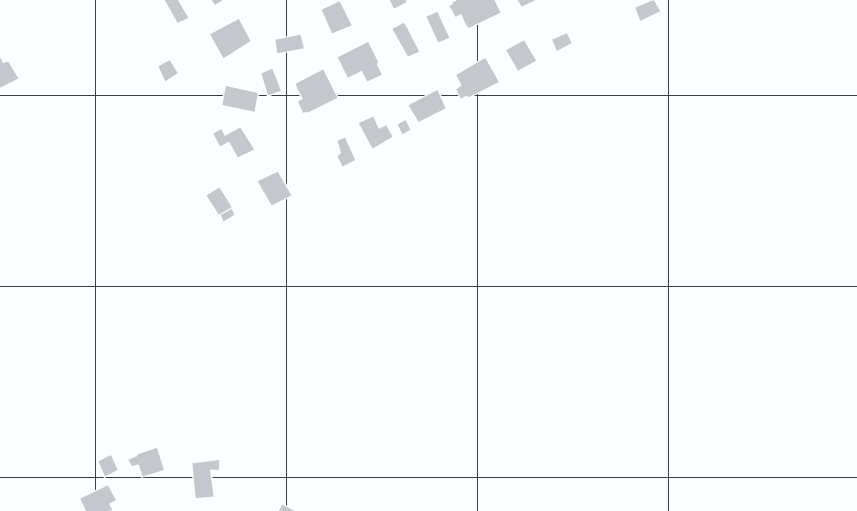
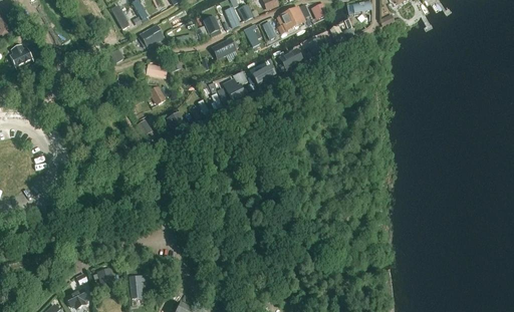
building: [295,68,338,114] -> none

